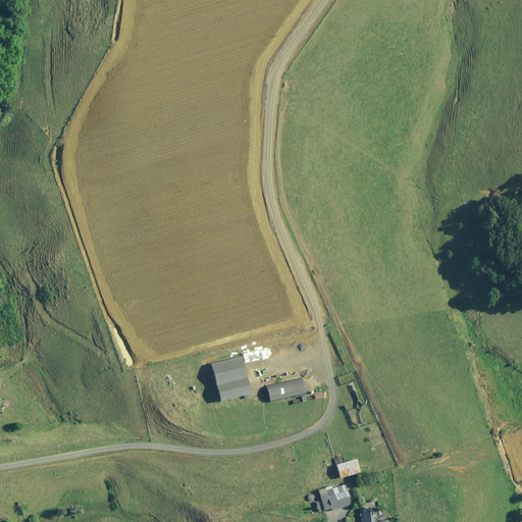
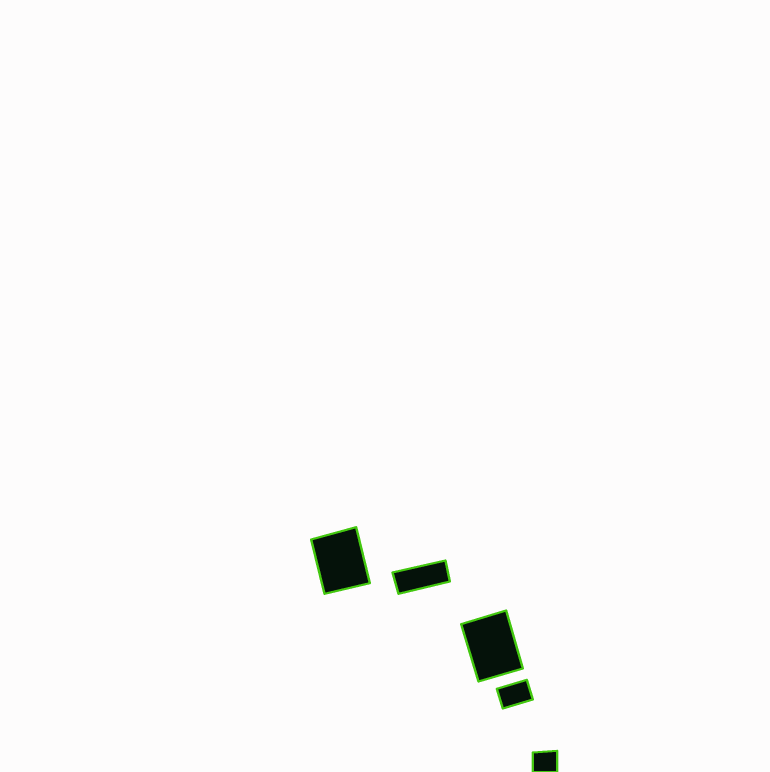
building: none -> [461,611,523,681]
building: [319,485,351,510] -> none

